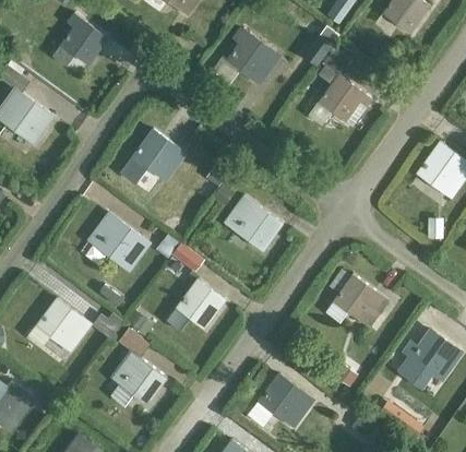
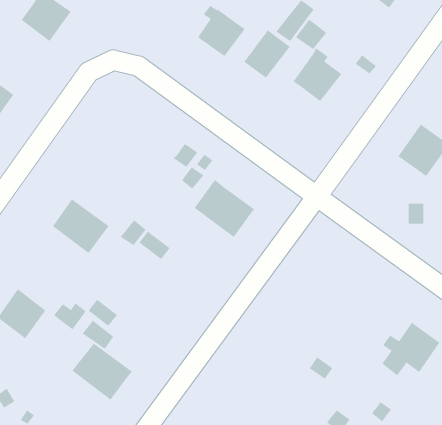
building: none -> [244,30,291,78]
building: [122,130,182,183] -> none
building: [328,270,390,321] -> none
building: [177,281,225,328] -> none
building: [261,374,313,421] -> none

